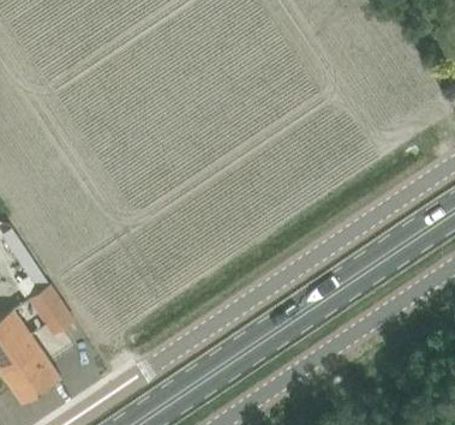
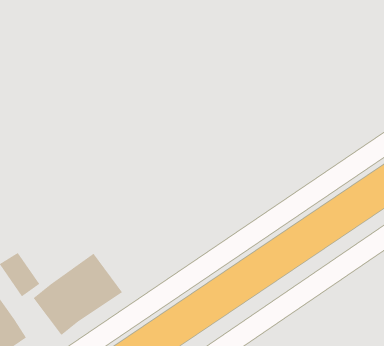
building: none -> [33,253,123,336]

